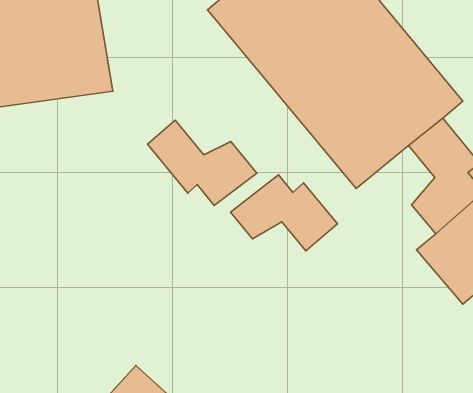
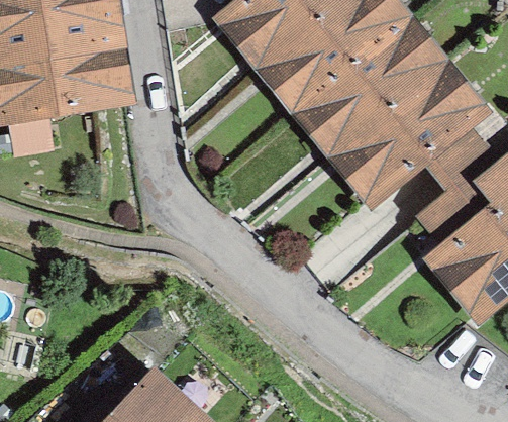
building: [148,120,257,205] -> none
building: [231,175,337,251] -> none

